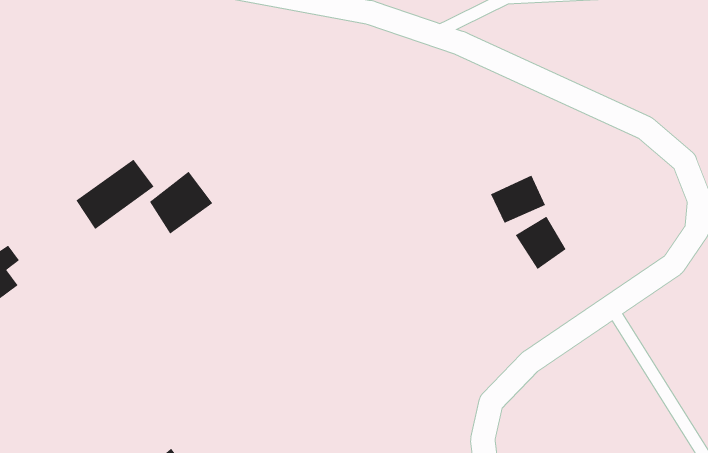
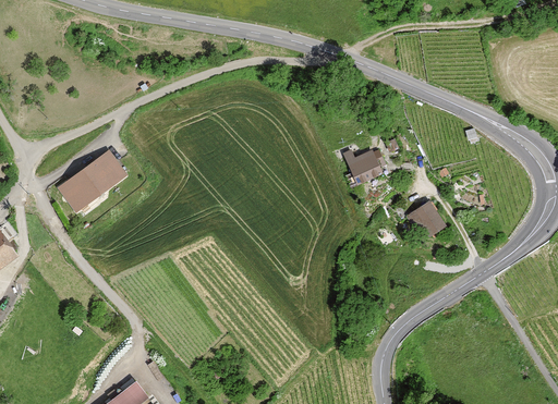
building: [149,171,213,235] -> none
building: [490,175,546,223] -> [347,147,390,185]

